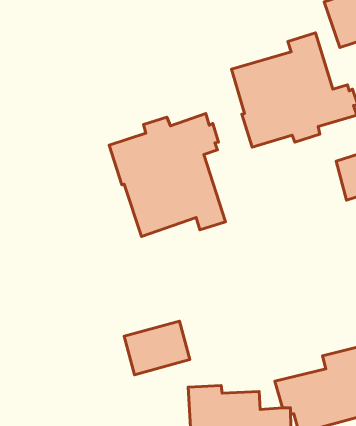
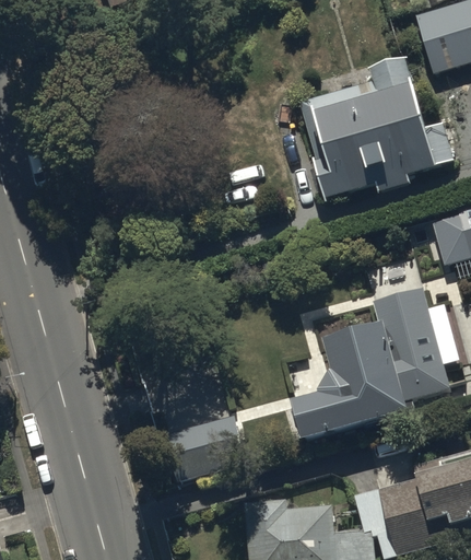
building: [109,113,226,236] -> none
building: none -> [289,290,450,442]

